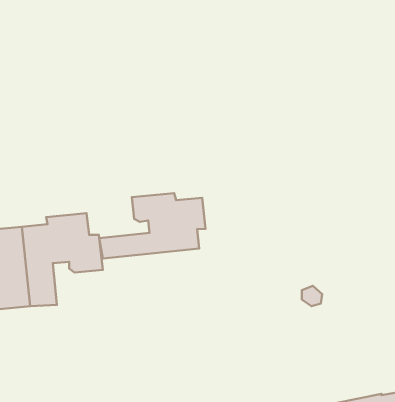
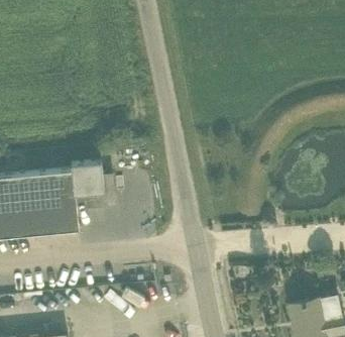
building: [99,193,206,258] -> none

